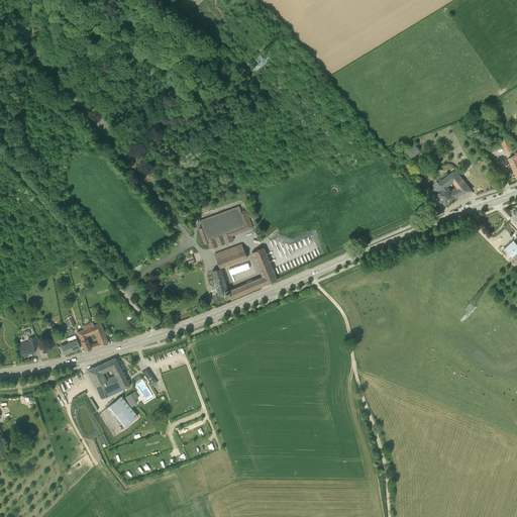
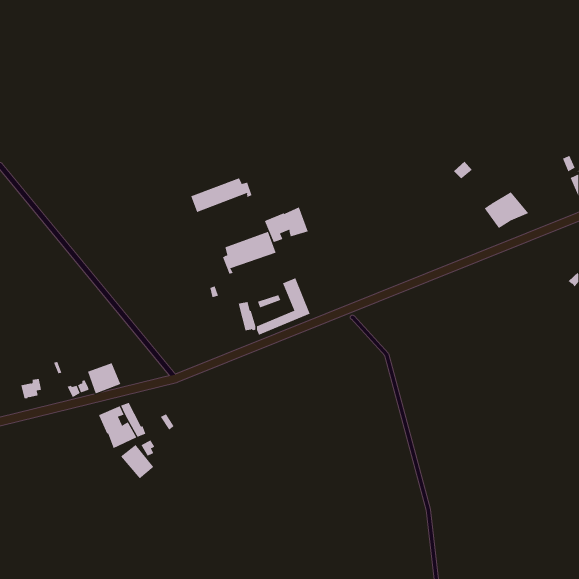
building: none -> [191,177,252,213]
building: none -> [264,207,309,243]
building: [214,244,247,269] -> none

